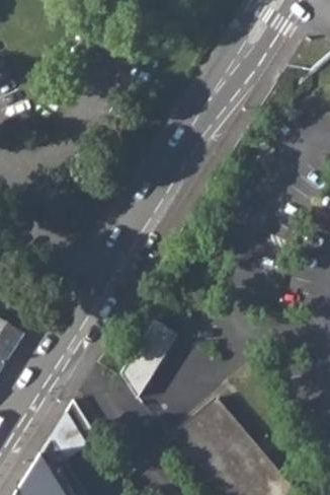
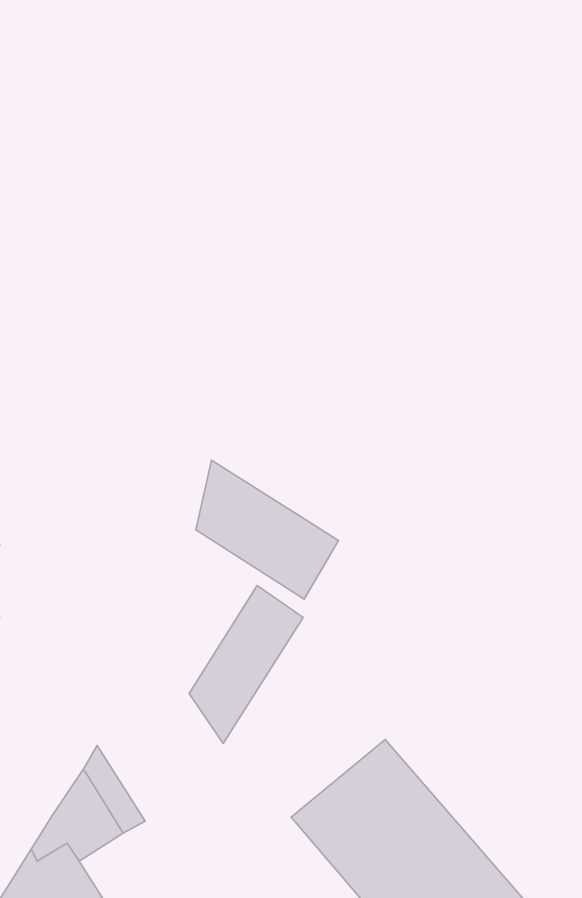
building: none -> [196,460,339,599]

